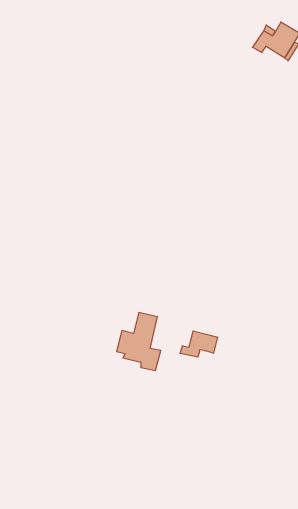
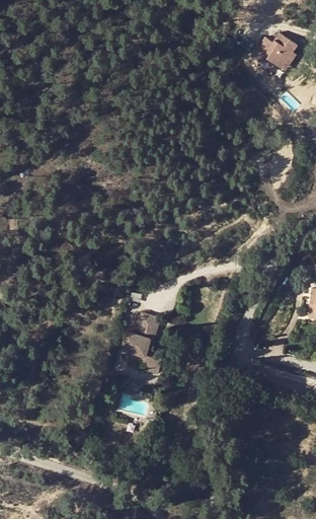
building: [180,331,218,357] -> none

